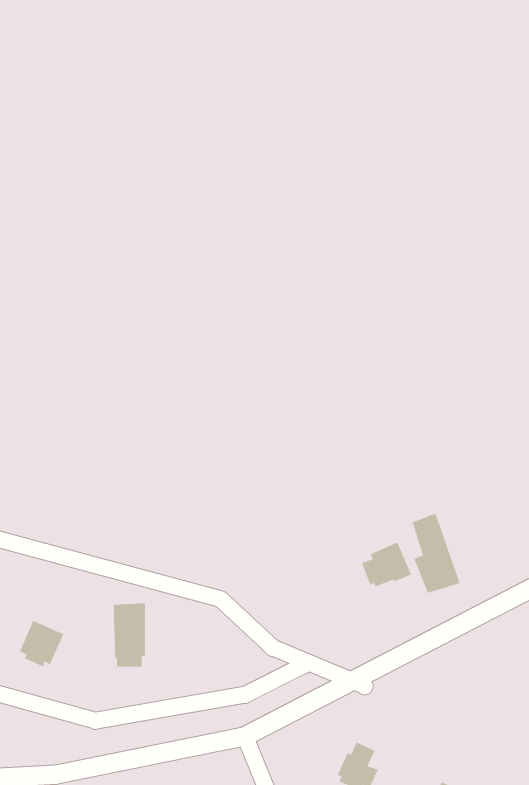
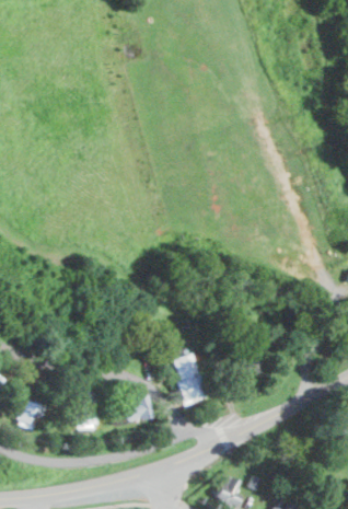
building: [412,514,460,594] -> [176,355,207,405]
building: none -> [123,395,154,423]

